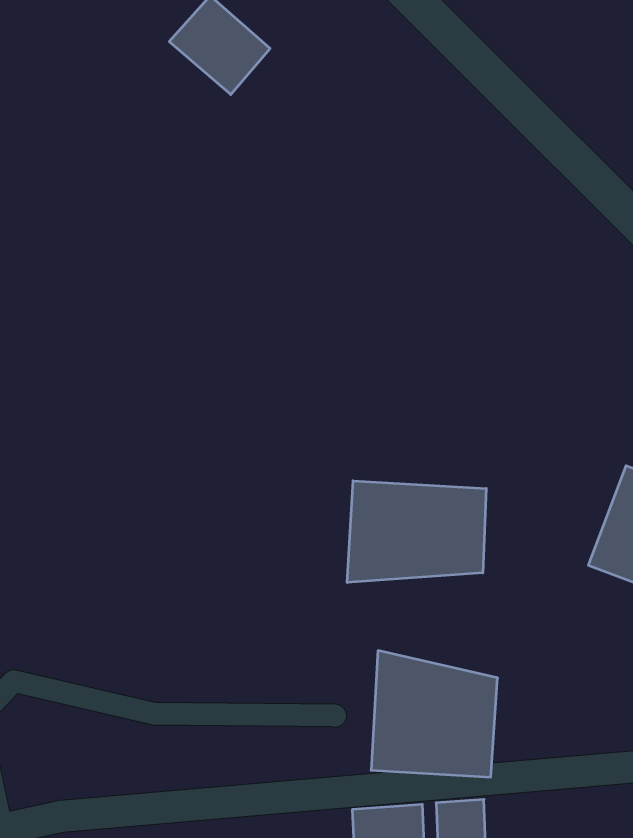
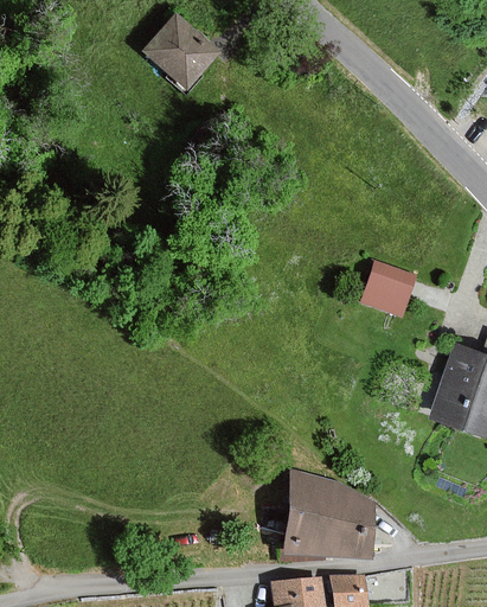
building: none -> [363,263,415,314]
building: [347,481,486,583] -> none

